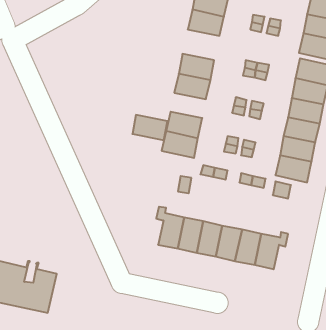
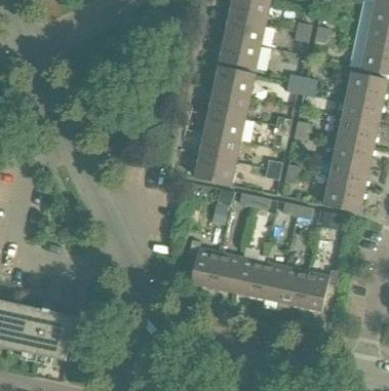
building: none -> [220,38,260,68]
building: [132,115,168,140] -> [204,110,244,139]

